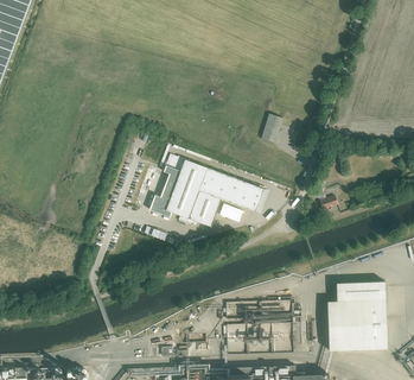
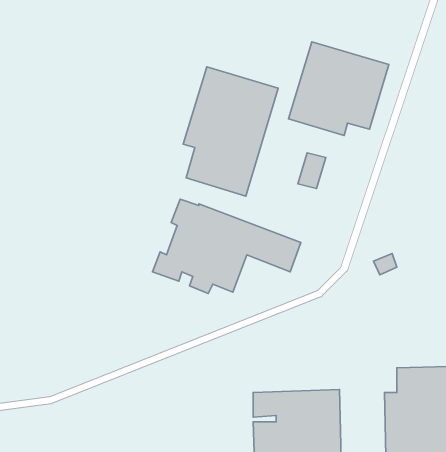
building: none -> [289,42,389,136]
building: none -> [183,67,278,196]

